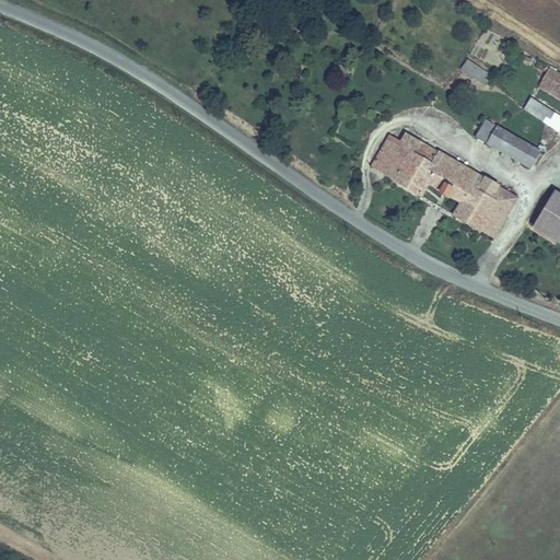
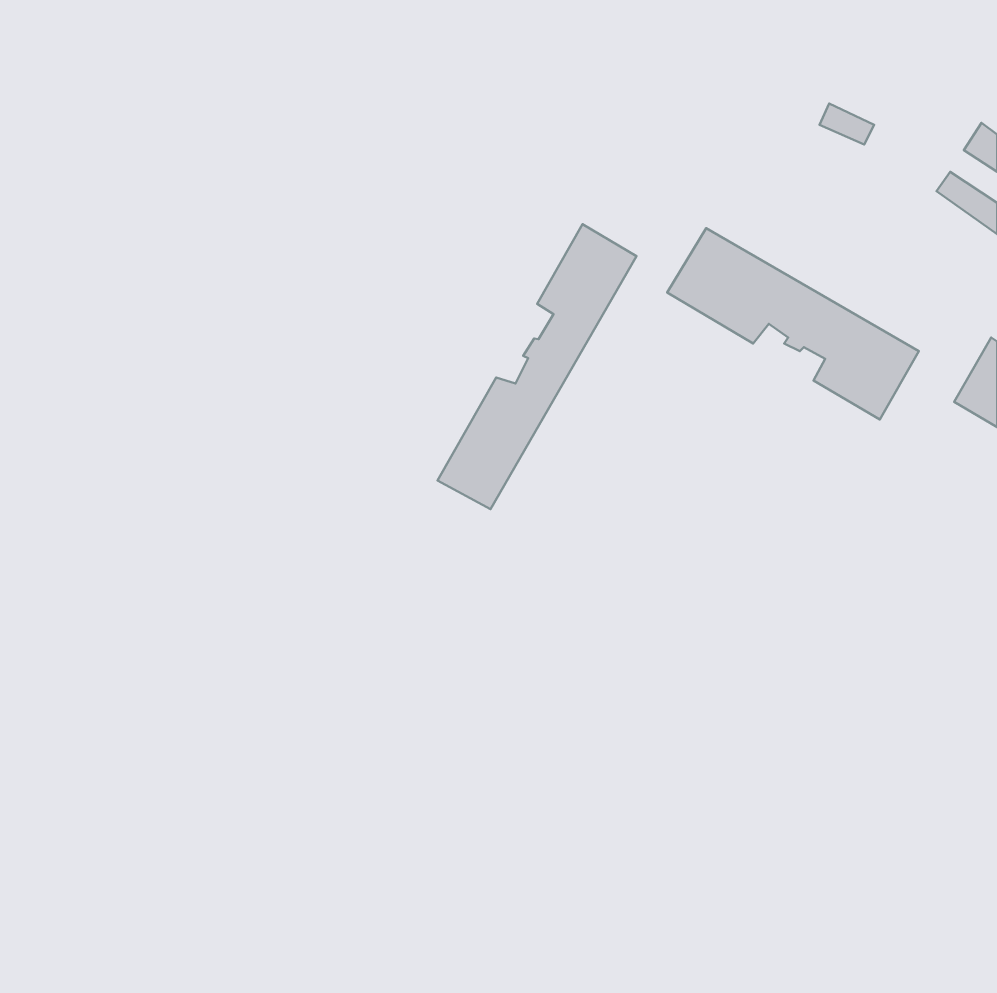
building: [476,119,539,168] -> none
building: none -> [437,224,637,509]

